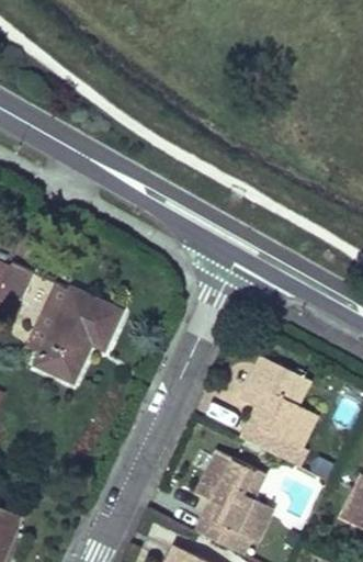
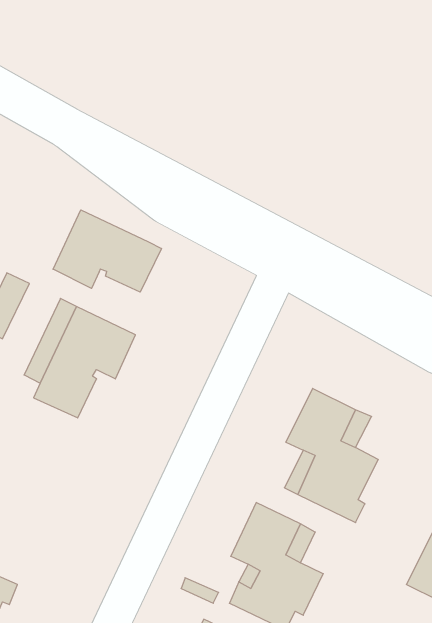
building: none -> [53,210,161,292]

